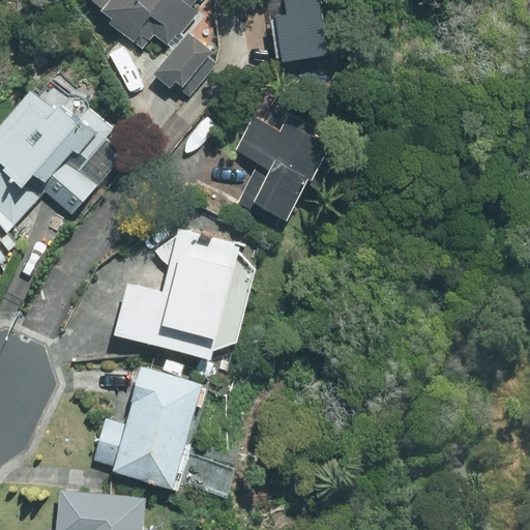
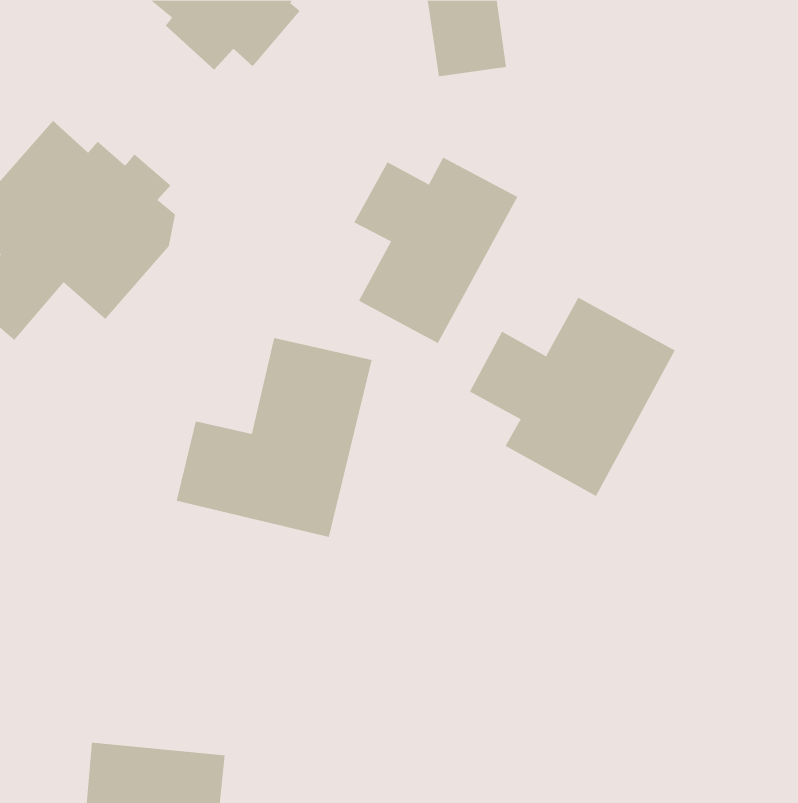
building: [153,35,211,102] -> none
building: none -> [469,297,676,497]
building: [88,365,204,488] -> none

